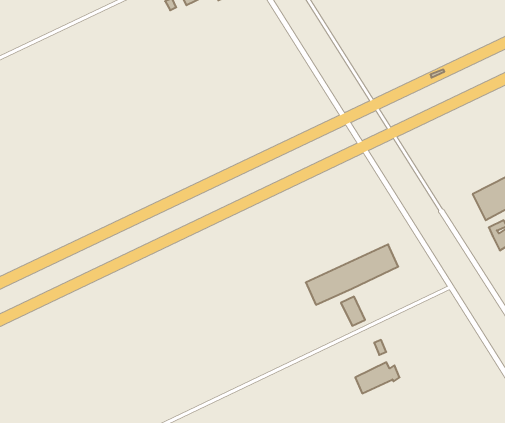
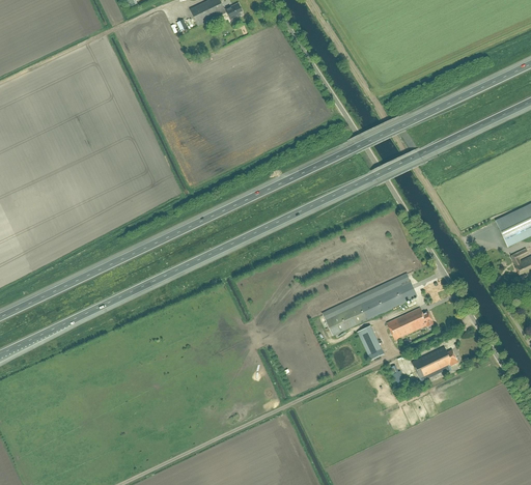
building: none -> [388,308,435,340]
building: [355,362,400,393] -> [413,346,458,378]

